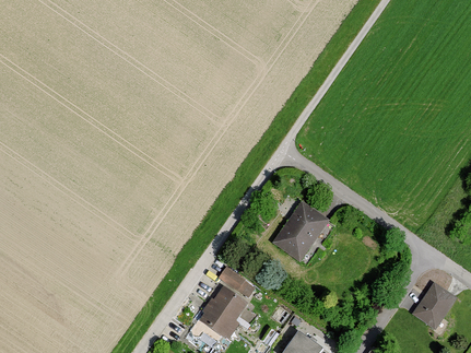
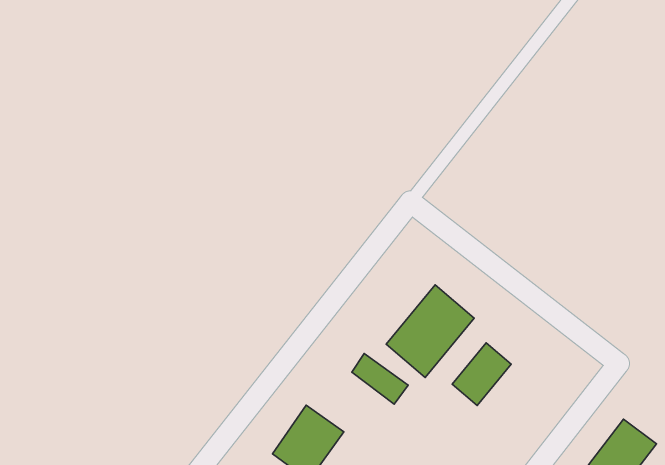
building: none -> [452,343,511,405]
building: [219,266,257,298] -> [352,353,408,404]

